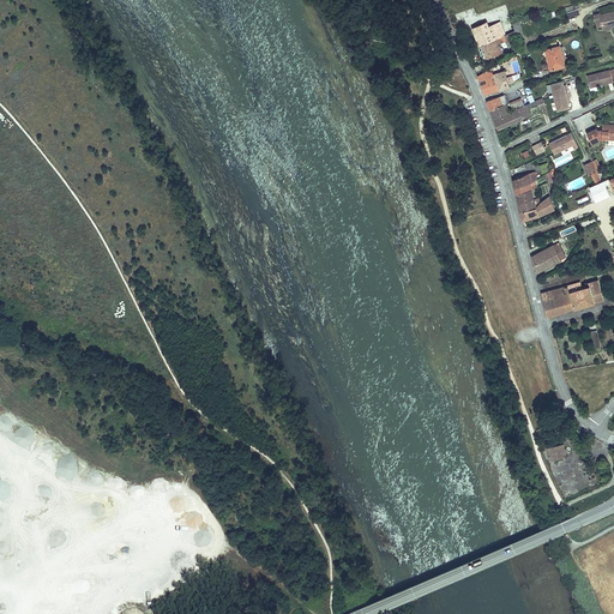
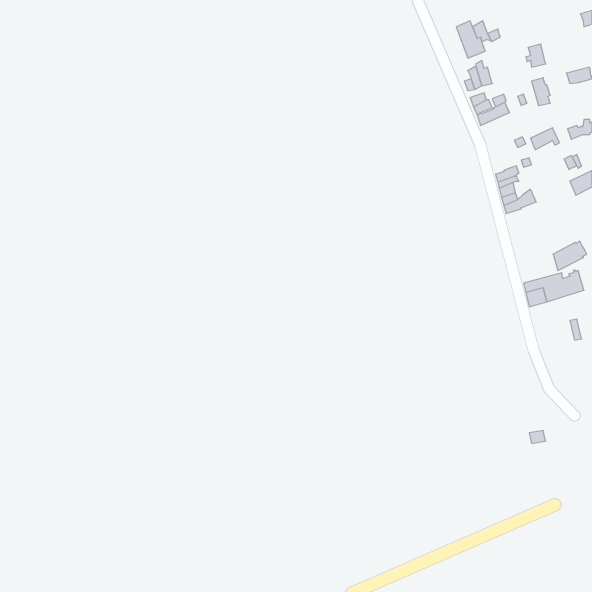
building: [530,245,565,275] -> [553,241,587,270]

